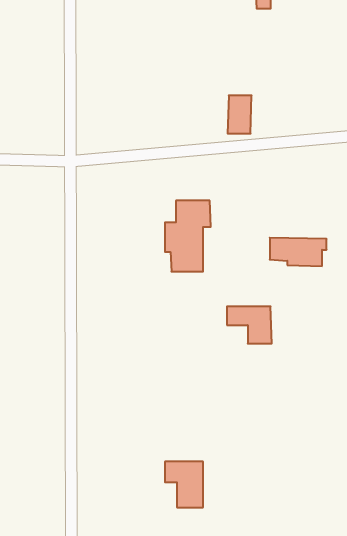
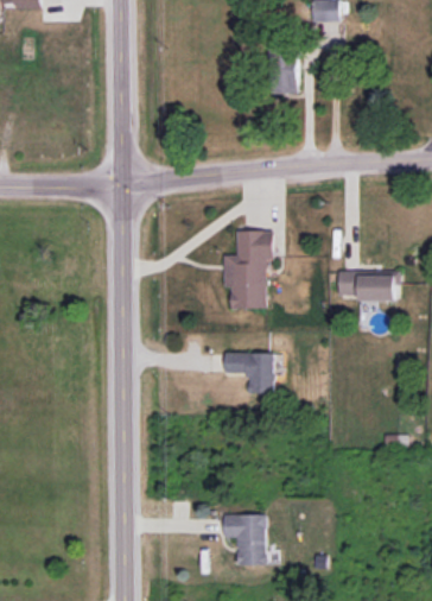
building: [228,95,252,134] -> [271,52,297,94]
building: [227,306,272,344] -> [224,353,273,393]

